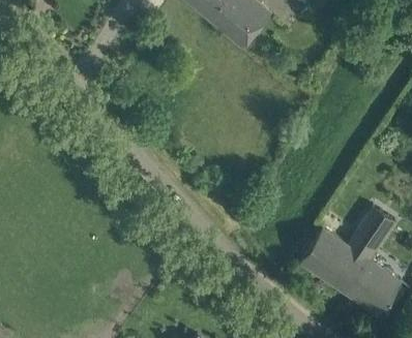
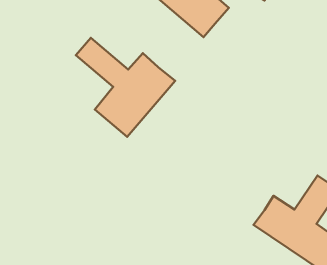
building: none -> [76,38,175,137]

